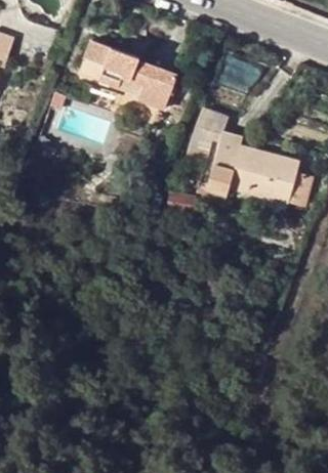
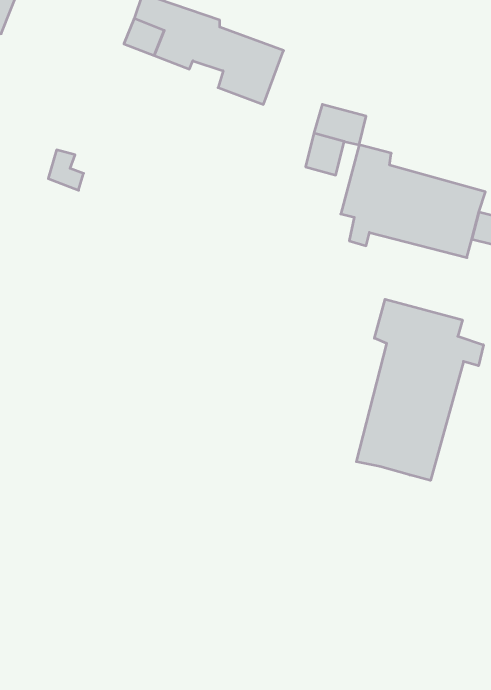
building: none -> [356,299,483,480]

